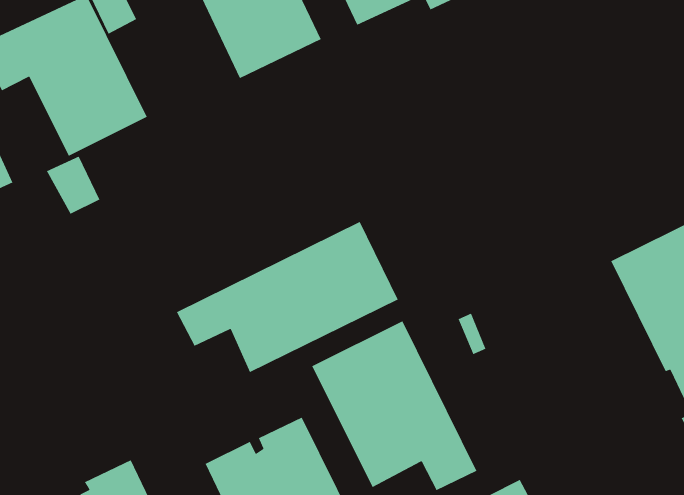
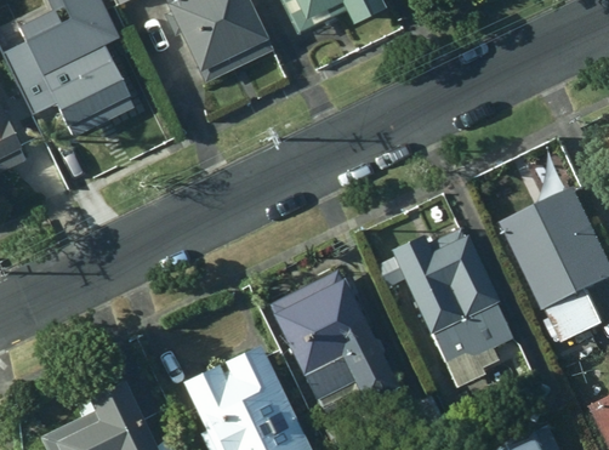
building: [176,221,399,373] -> none
building: none -> [388,228,513,389]

